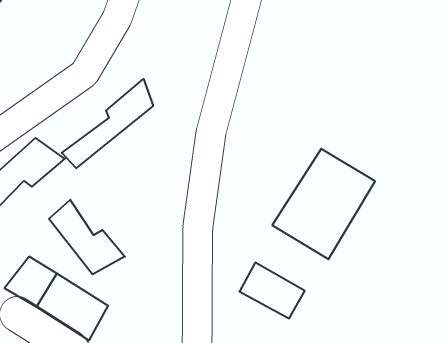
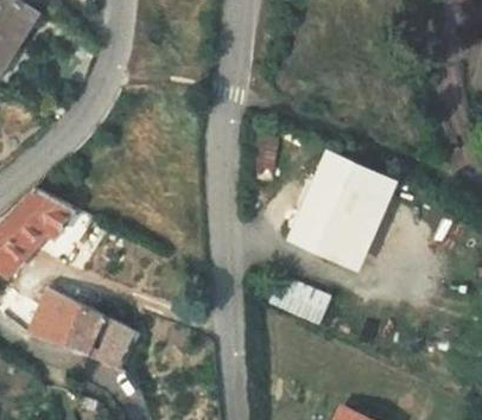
building: [62,79,153,168] -> none
building: [49,200,125,274] -> none

